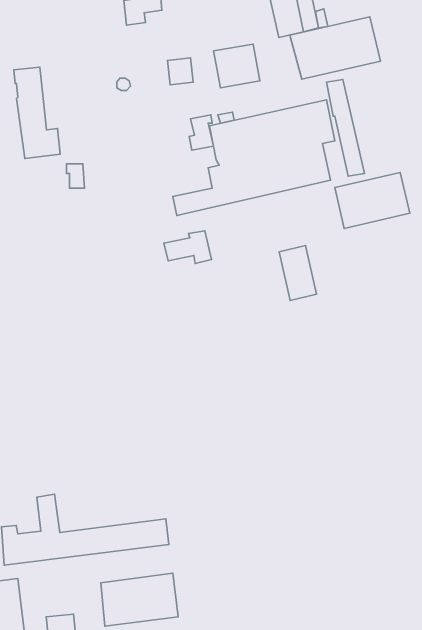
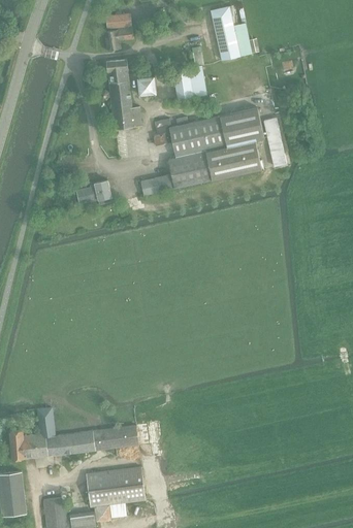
building: [290,17,380,79] -> none
building: [14,67,60,158] -> [105,59,140,128]
building: [335,172,410,228] -> none
building: [164,231,212,264] -> [75,180,111,205]
building: [279,245,317,301] -> none

